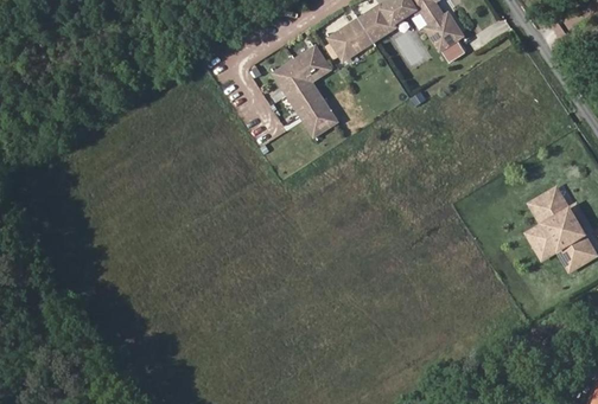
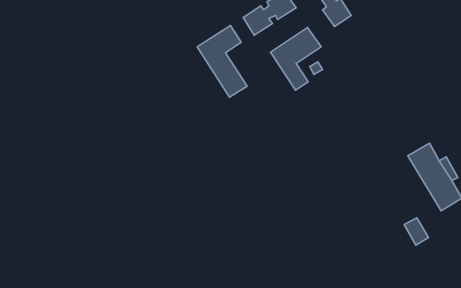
building: none -> [270,27,321,90]
building: [527,225,556,258] -> [404,218,429,245]

